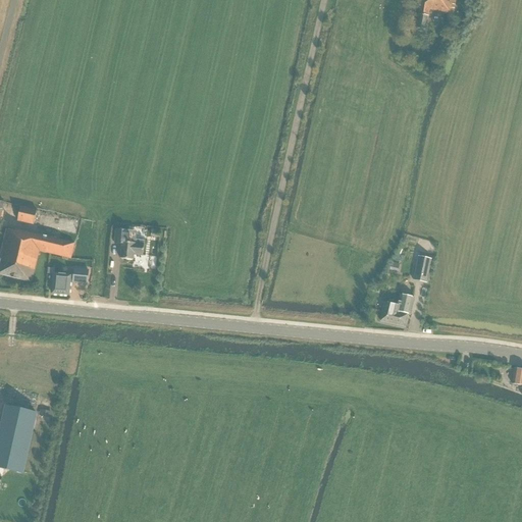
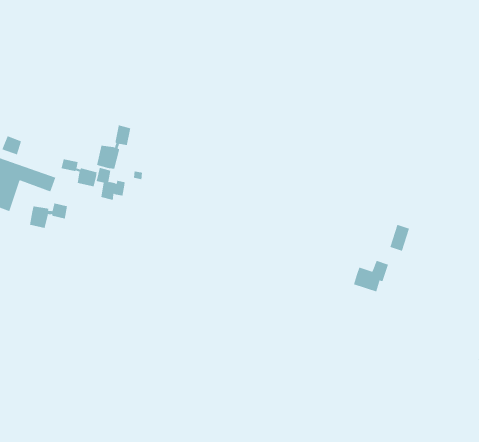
building: none -> [96,125,131,169]
building: none -> [61,158,97,187]

